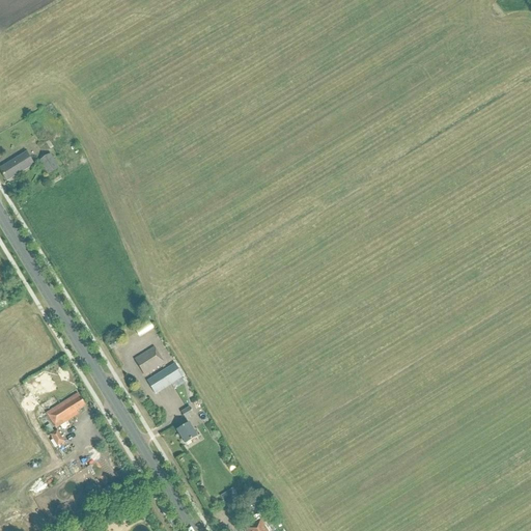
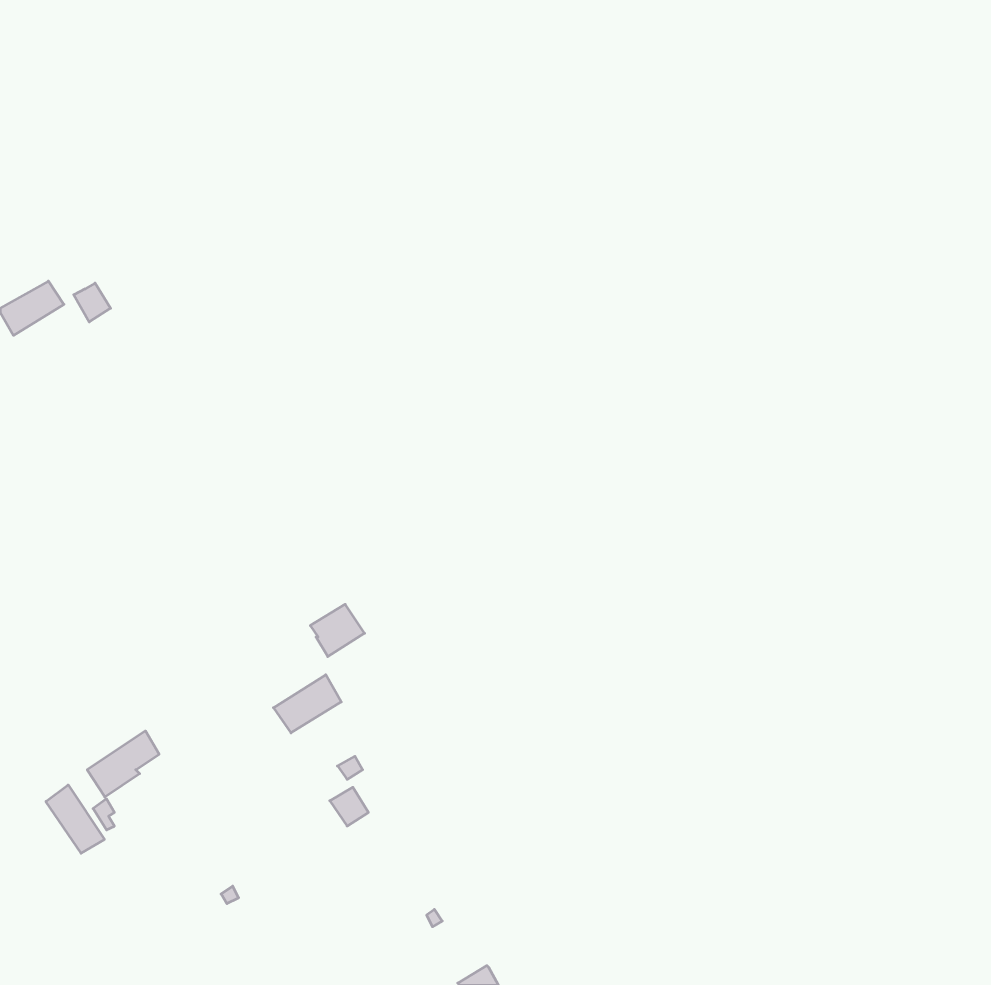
building: [136,345,165,373] -> [310,604,365,657]
building: none -> [46,785,104,853]

